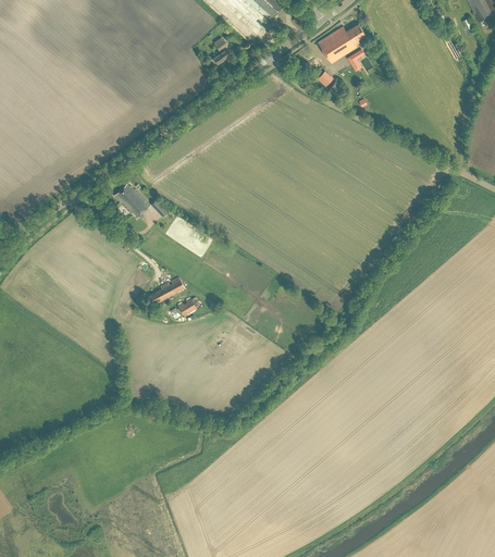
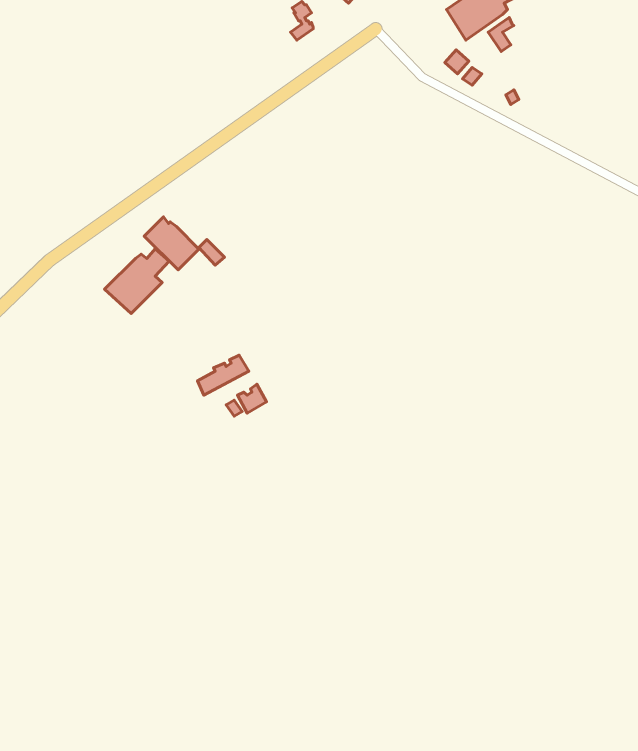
building: none -> [105,249,169,314]

